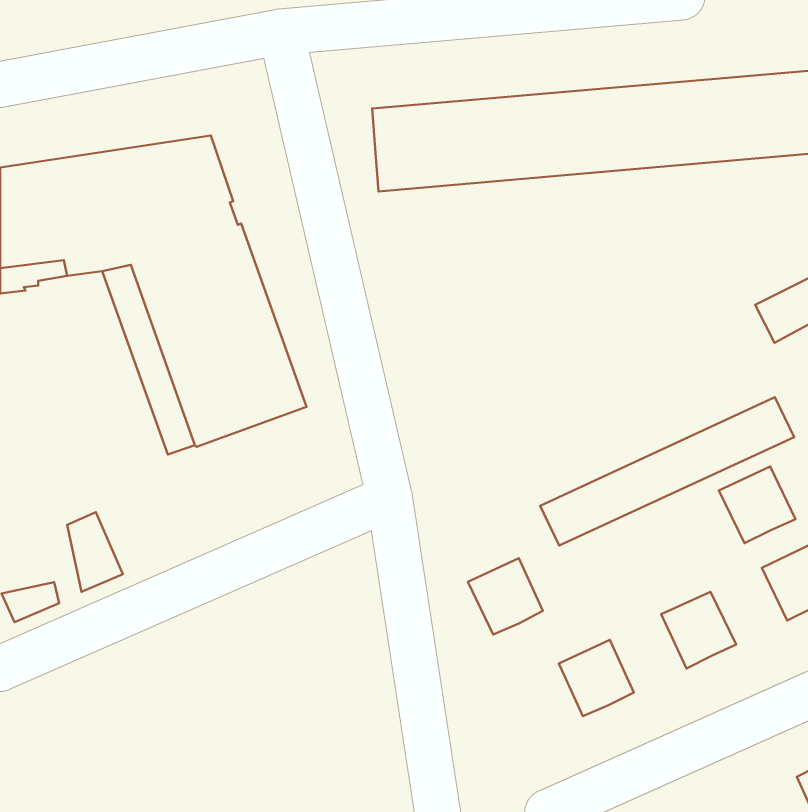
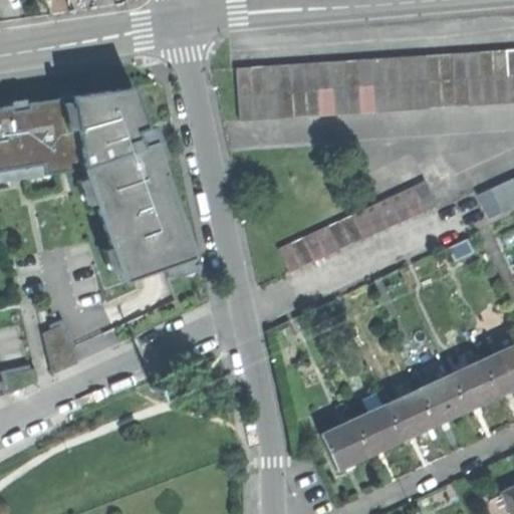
building: [540,397,794,546] -> [280,179,440,272]
building: [719,467,796,543] -> [452,357,500,406]
building: [468,558,543,635] -> [324,418,371,466]
building: none -> [389,387,437,436]

